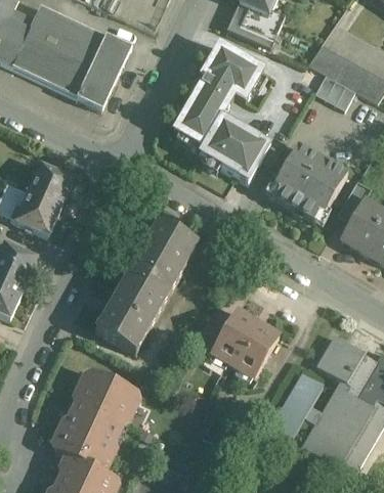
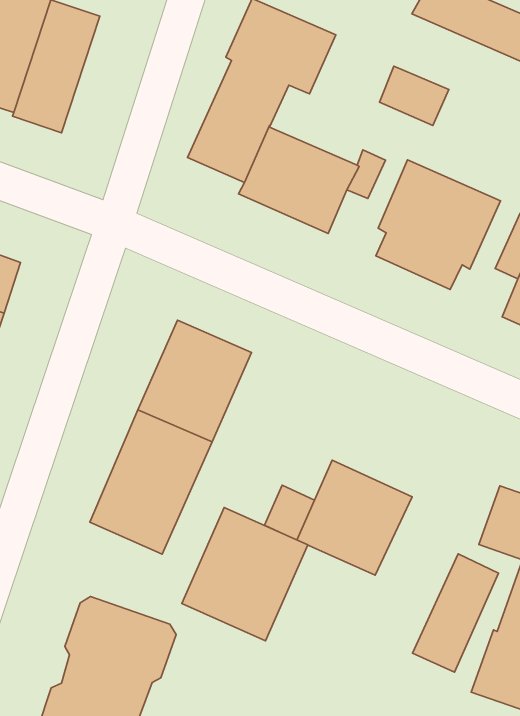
building: [314,73,354,108] -> [380,66,449,126]
building: none -> [182,507,308,641]

